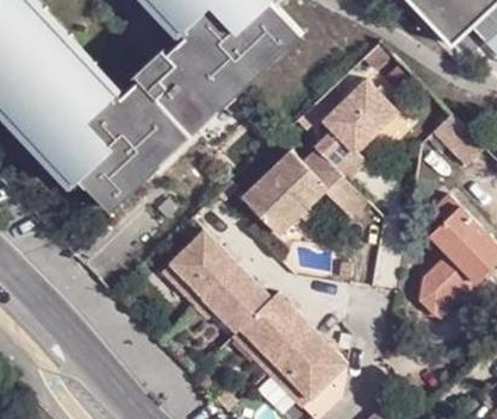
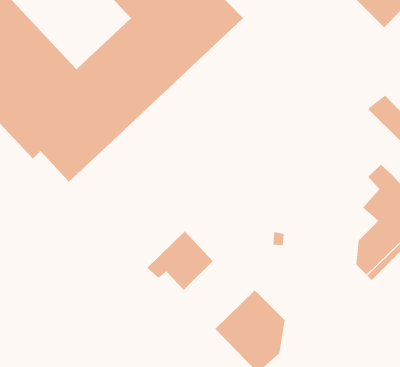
building: [240,85,399,236] -> none
building: [160,231,235,306] -> none
building: [238,293,311,373] -> none

